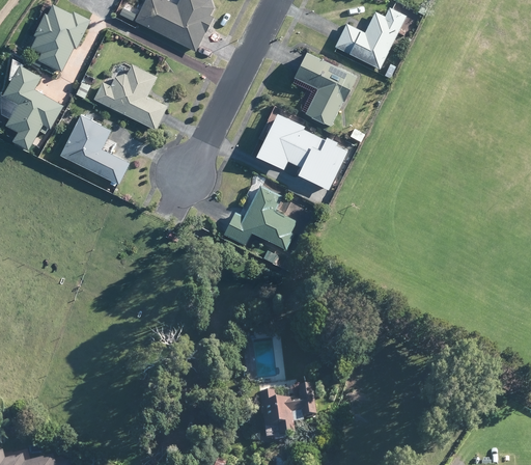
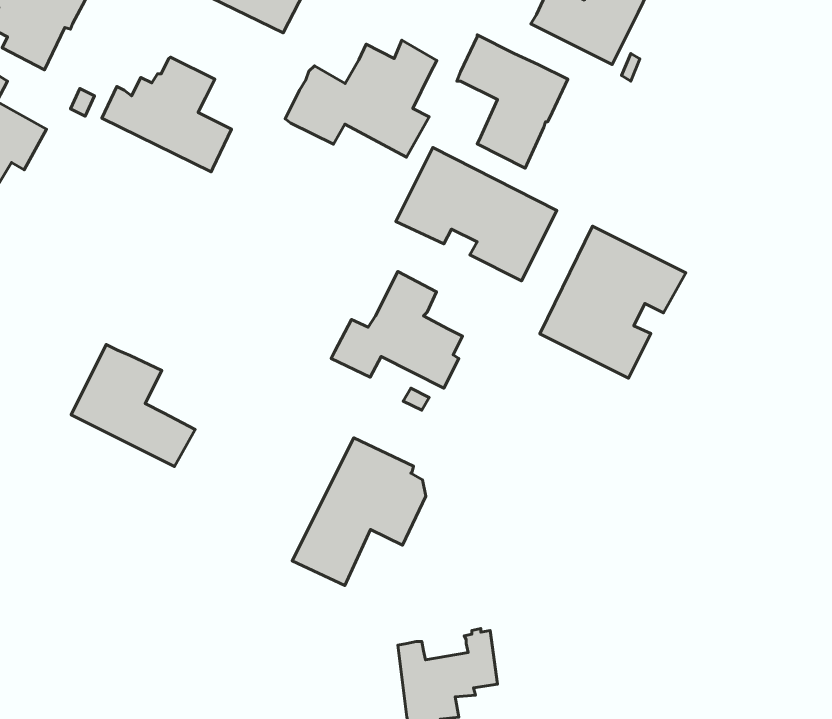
building: none -> [285,40,437,157]
building: [58,115,128,184] -> [71,344,195,467]
building: none -> [540,226,686,378]
building: none -> [292,438,426,585]

